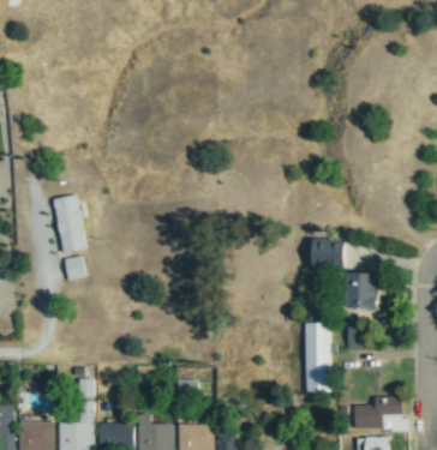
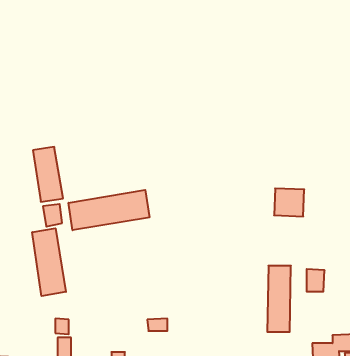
building: none -> [69,190,149,230]
building: [351,275,378,311] -> none
building: none -> [32,228,66,296]

